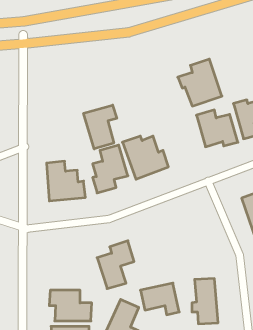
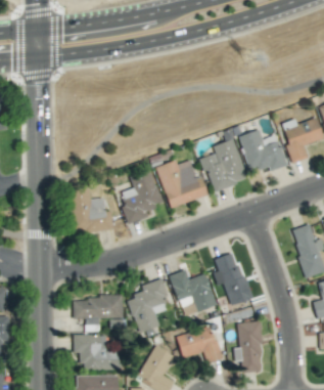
building: [178,59,222,106] -> [198,138,248,191]
building: [84,105,117,149] -> none
building: none -> [213,252,250,306]
building: none -> [169,270,217,312]
building: none -> [73,297,123,332]

